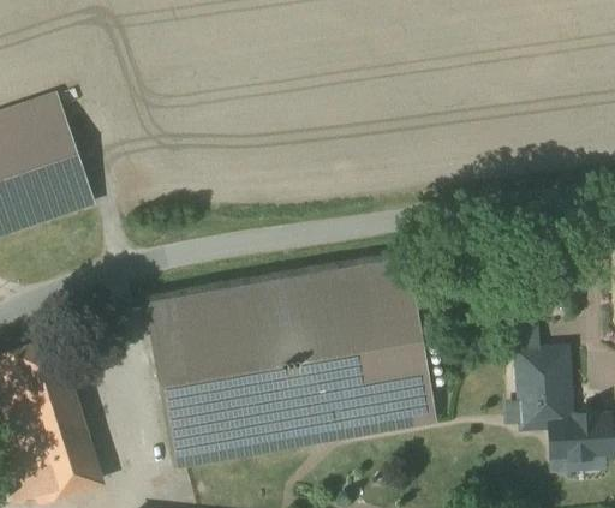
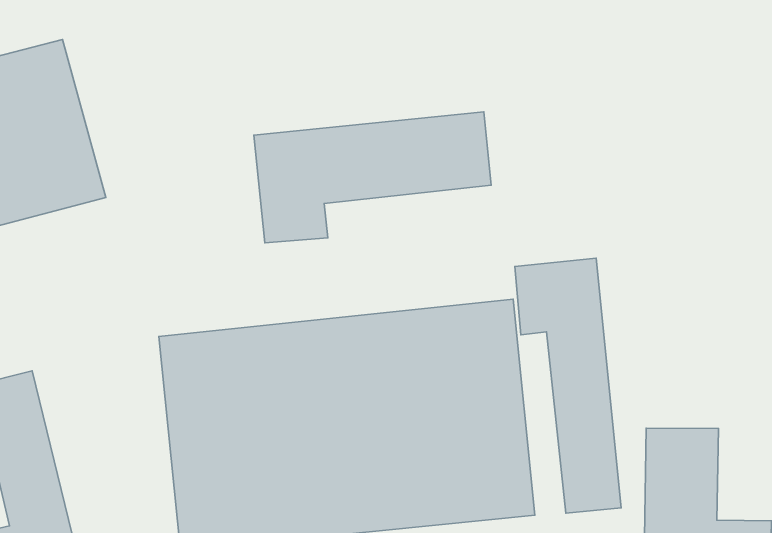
building: none -> [254,112,491,243]
building: none -> [515,258,621,513]

